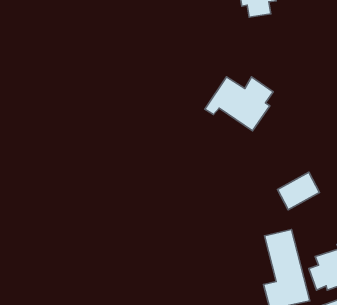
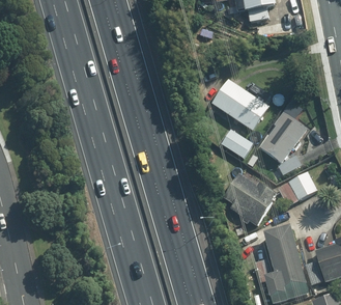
building: none -> [246,110,307,174]
building: none -> [218,126,253,158]
building: none -> [224,174,276,225]

